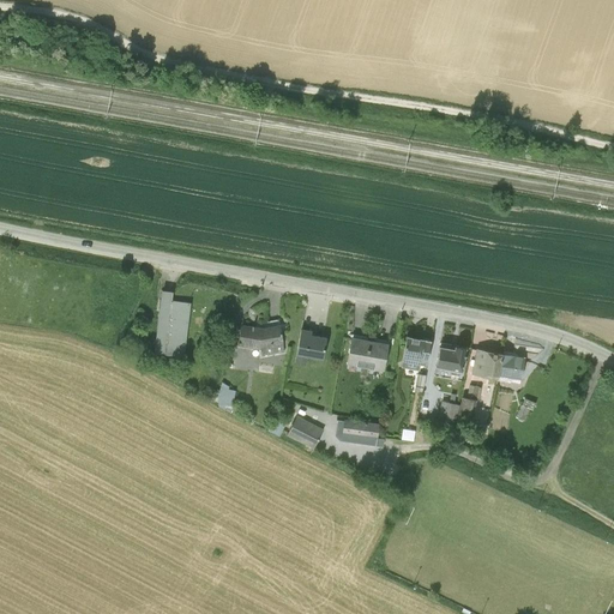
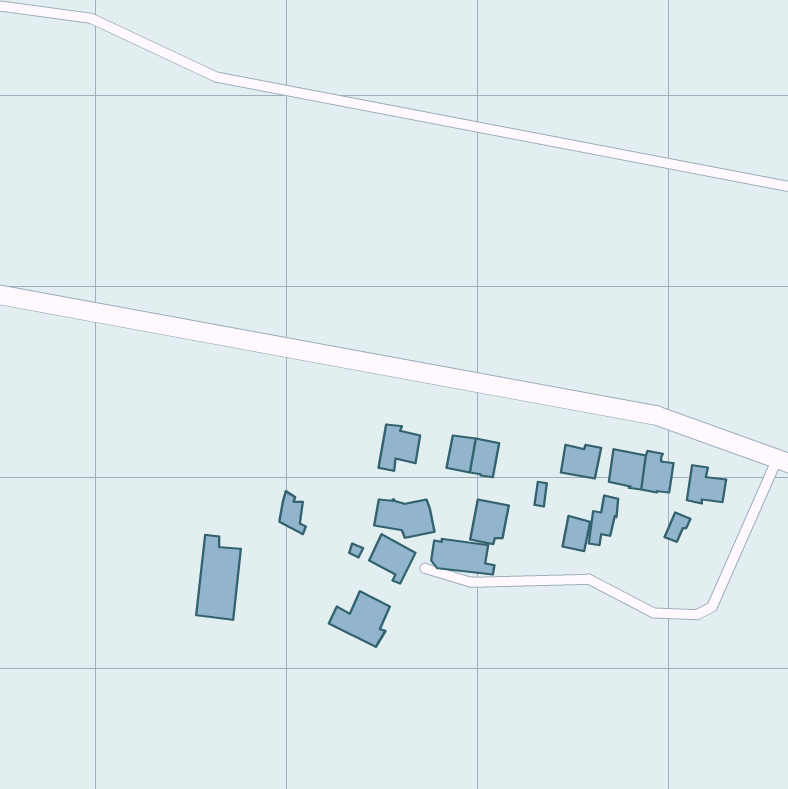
building: [155,291,189,357] -> [196,535,241,620]
building: [239,325,285,355] -> [374,499,434,538]
building: [402,336,432,371] -> [470,499,509,544]
building: none -> [687,465,726,504]
building: none -> [329,591,390,647]

